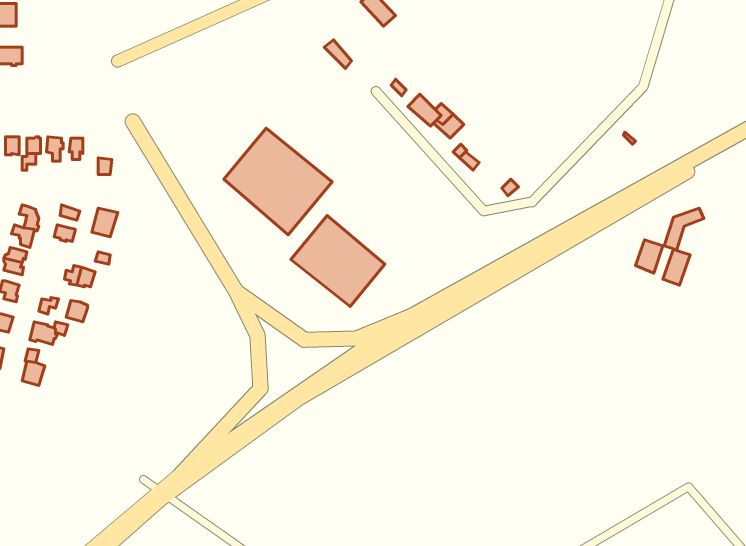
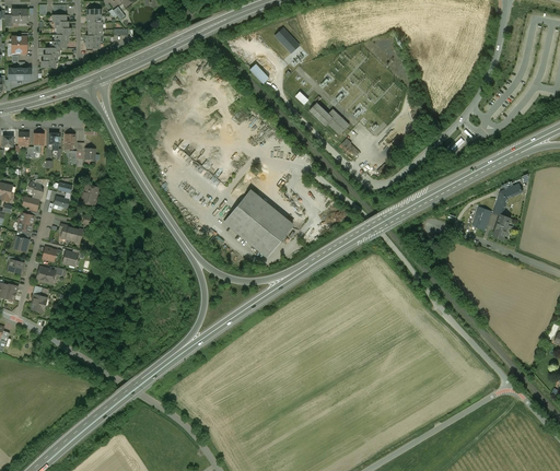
building: [224,128,332,235] -> none

